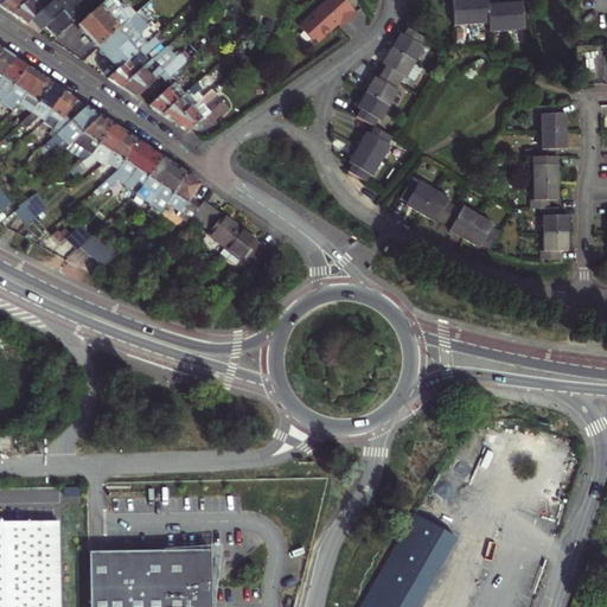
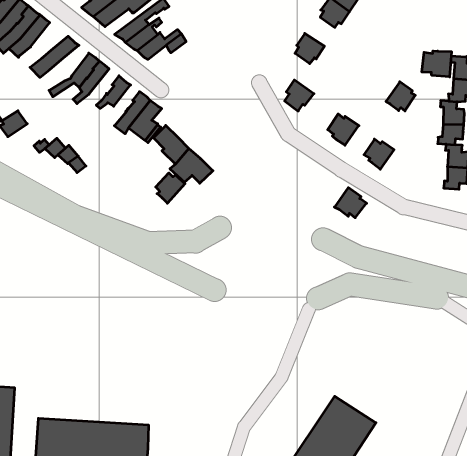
building: [365,68,400,101] -> none
building: [50,96,92,136] -> none
building: none -> [422,51,451,77]
building: [74,120,117,162] -> none
building: [357,122,391,156] -> none
building: [103,145,154,197] -> none
building: [138,161,179,210] -> none
building: [421,190,454,223] -> [386,82,415,111]
building: [464,215,500,249] -> [334,188,367,218]
building: none -> [156,173,185,203]

